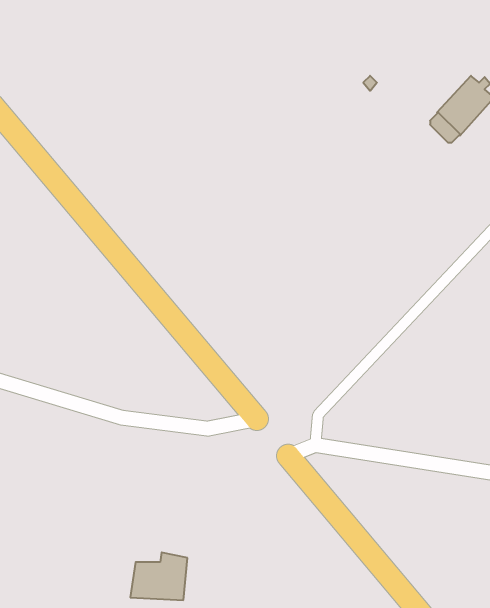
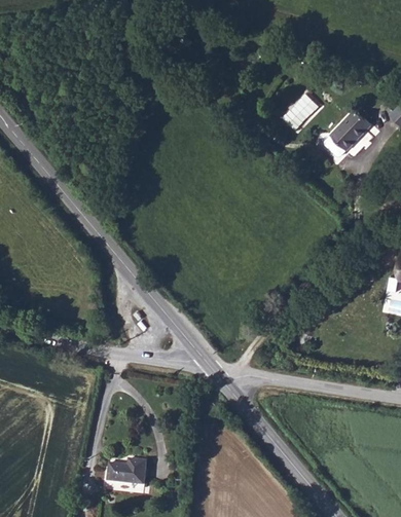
building: none -> [287,87,323,124]

